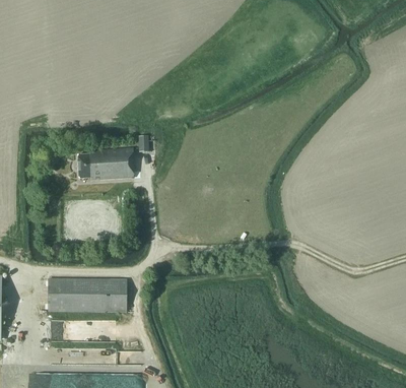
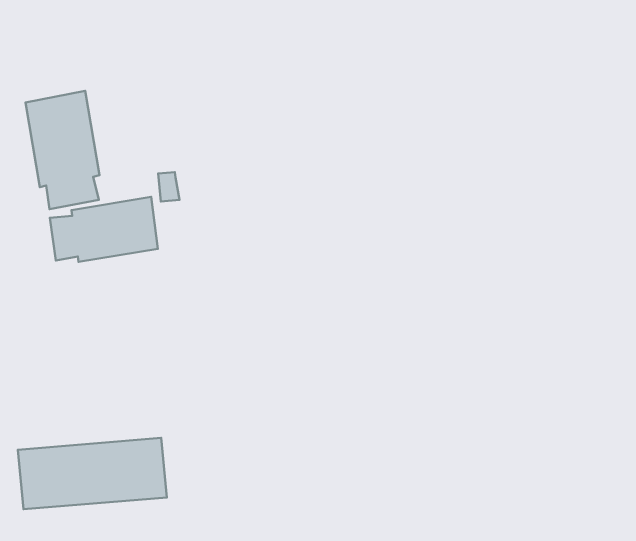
building: none -> [26,91,99,209]

